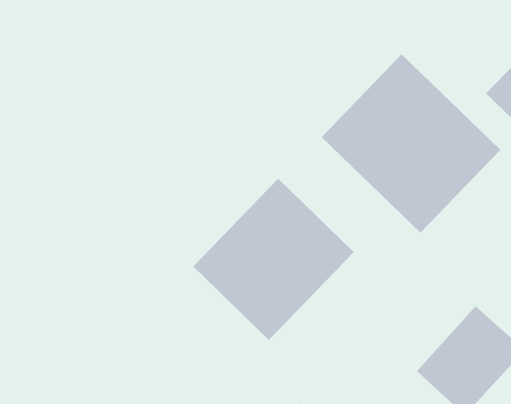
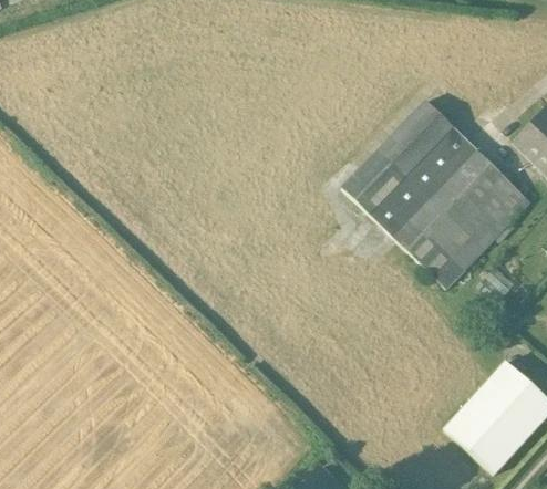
building: [193,178,354,341] -> none

